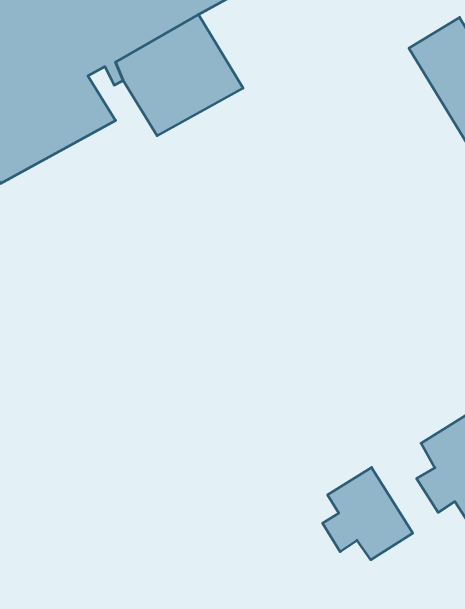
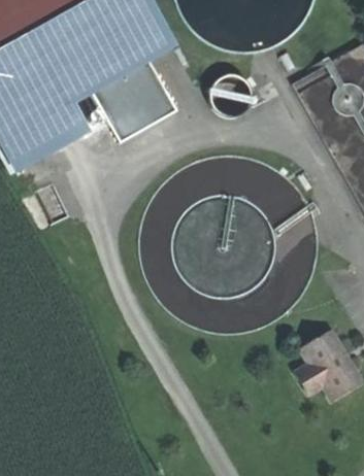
building: [323,467,413,560] -> none

